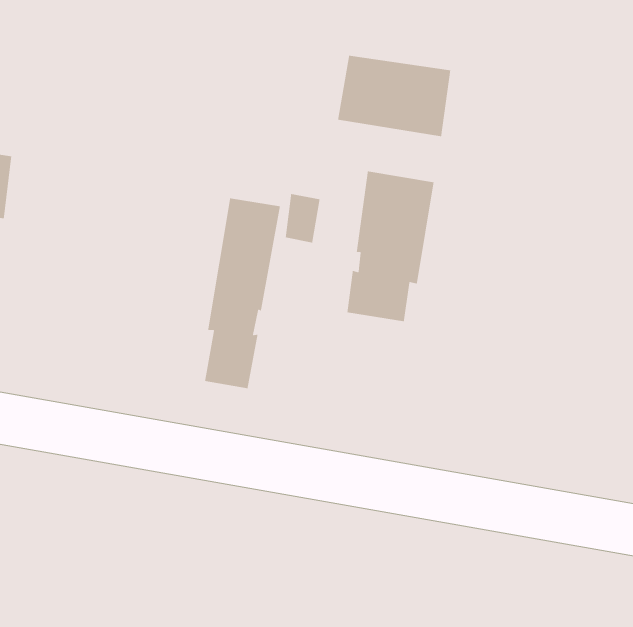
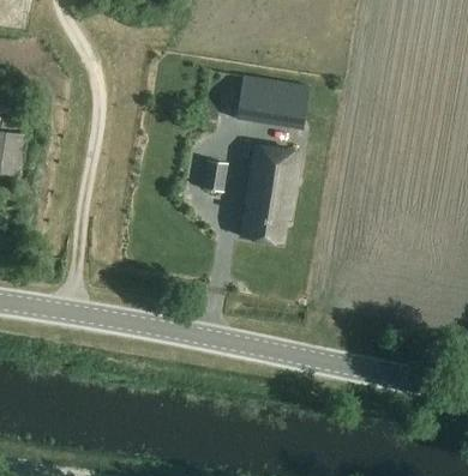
building: [204,198,281,389] -> none

